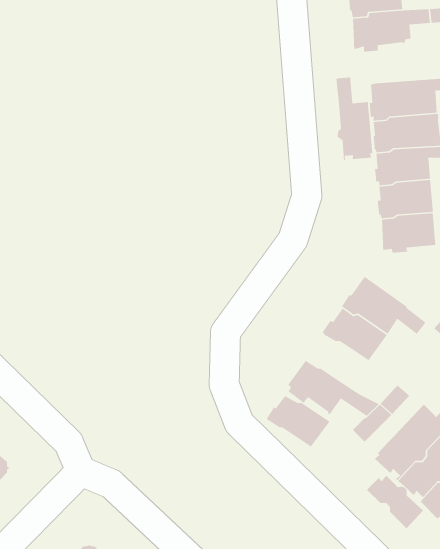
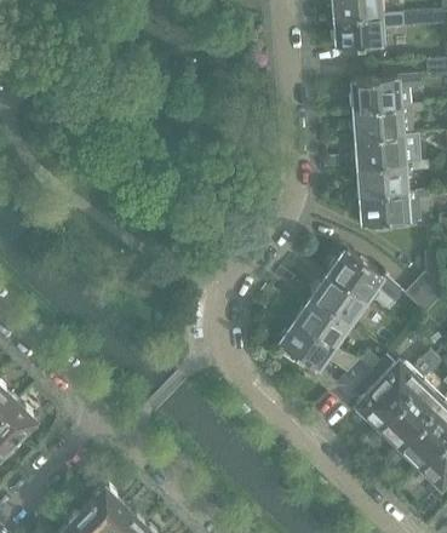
building: [335,77,373,161] -> none
building: [266,395,330,448] -> [292,300,349,346]
building: [366,472,424,529] -> none

